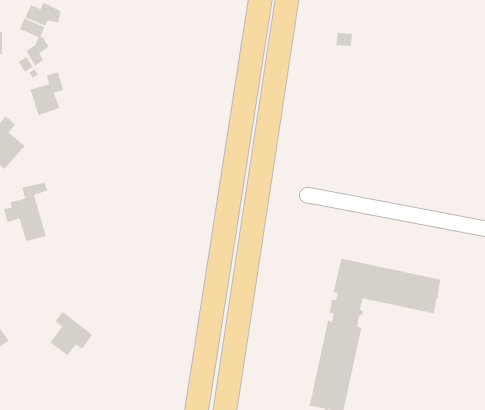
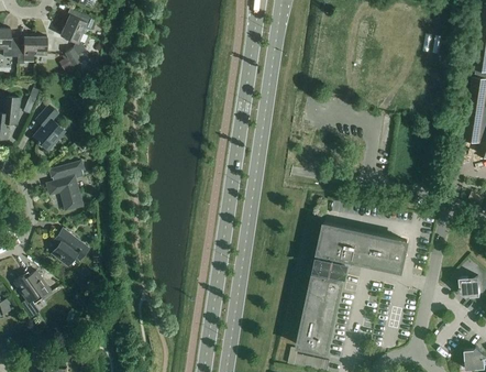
building: [30,71,64,116] -> none
building: [49,311,93,356] -> [52,228,88,265]

